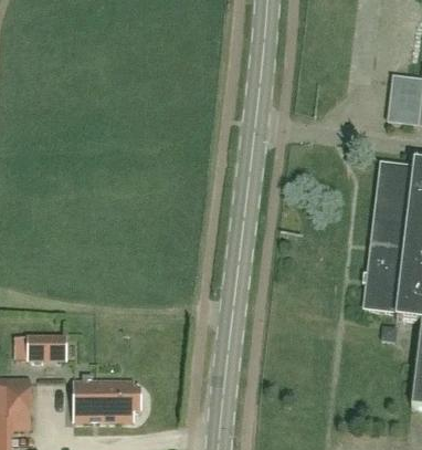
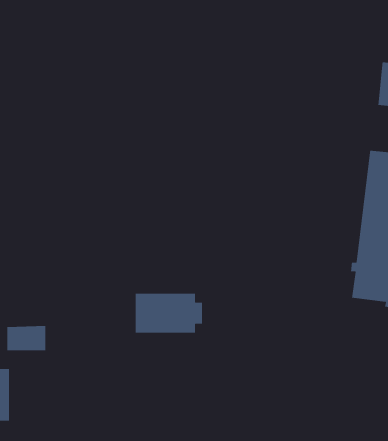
building: [74,380,140,420] -> [135,293,203,334]

